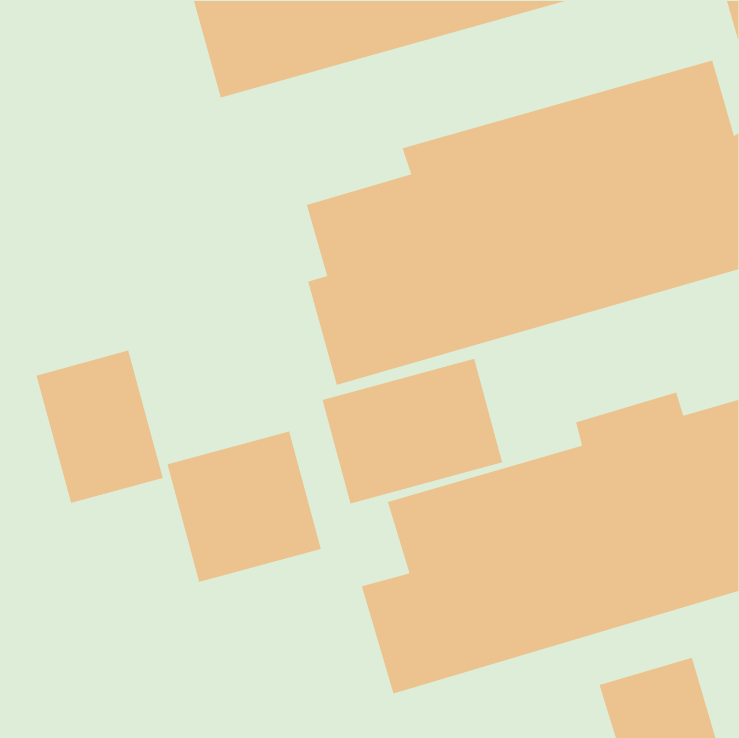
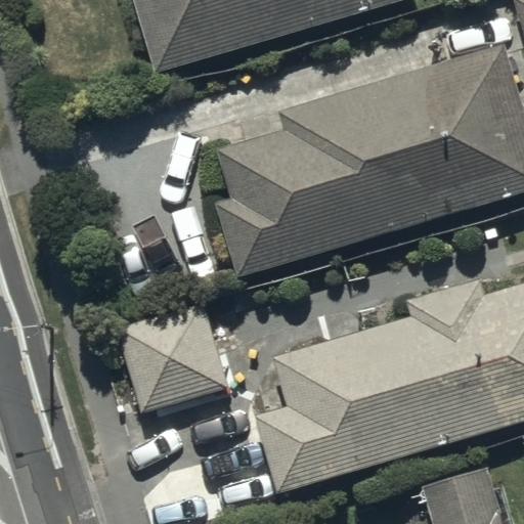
building: [36,350,164,504] -> none
building: [321,358,503,505] -> none

